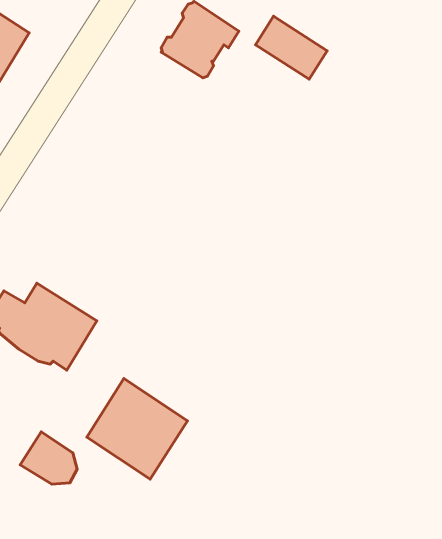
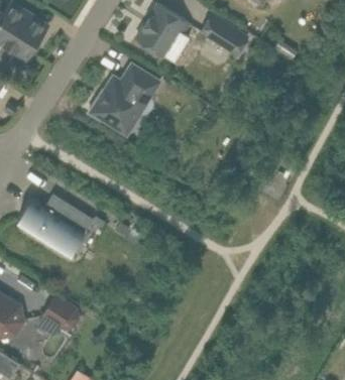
building: none -> [88,64,159,131]
building: [87,379,187,479] -> none

